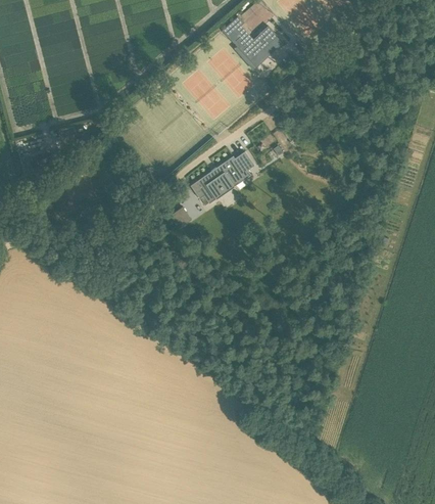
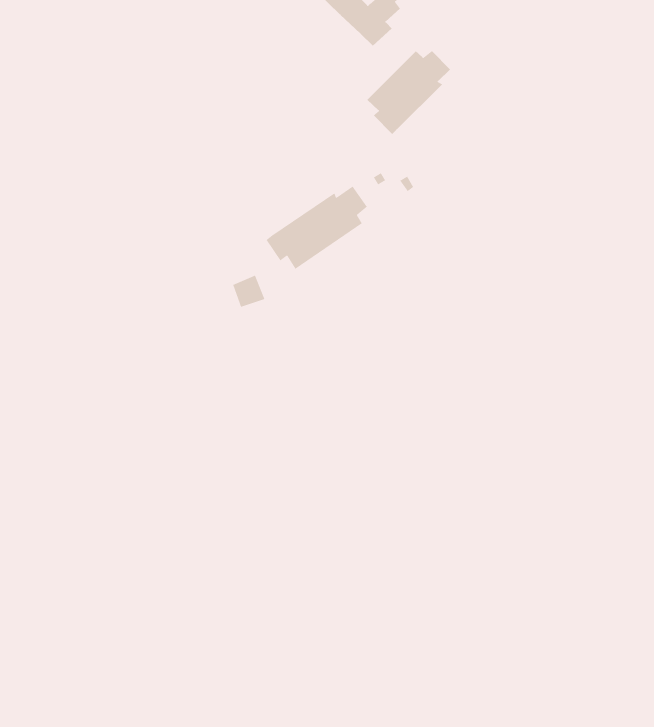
building: none -> [367,50,451,135]

